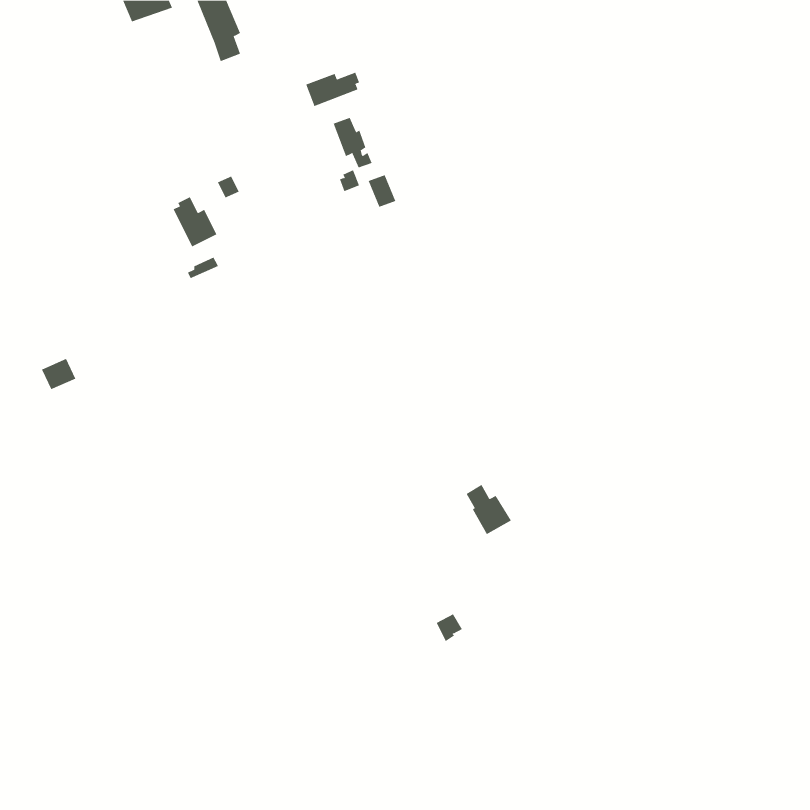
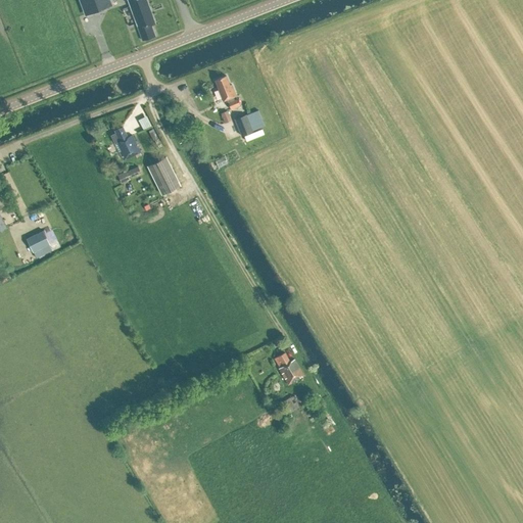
building: [306,72,360,107] -> none
building: none -> [147,157,180,194]
building: [466,484,512,535] -> [275,351,304,384]

